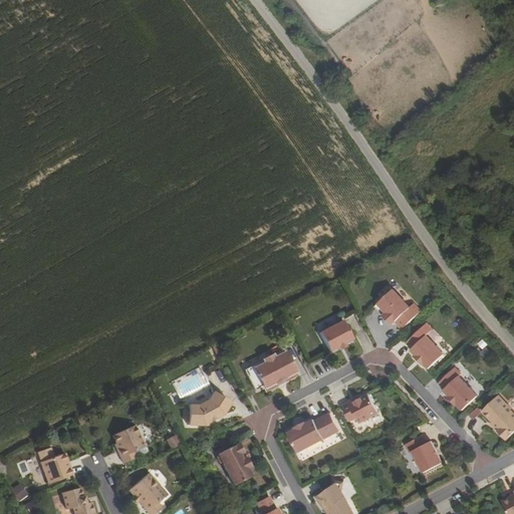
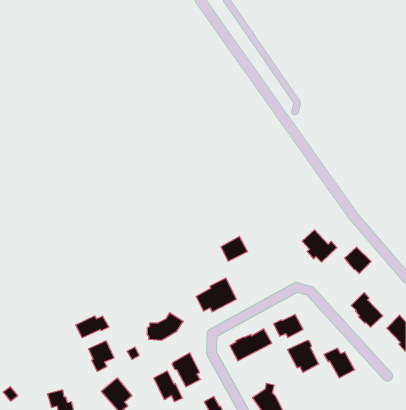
building: [319,319,352,350] -> [221,236,248,261]
building: [411,335,444,368] -> [345,247,371,274]
building: none -> [76,316,109,338]
building: none -> [288,340,319,372]
building: [39,455,71,485] -> none
building: none -> [154,371,182,402]

